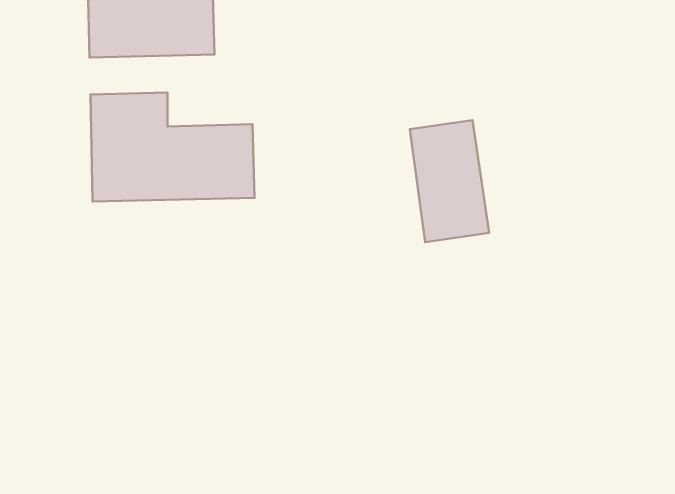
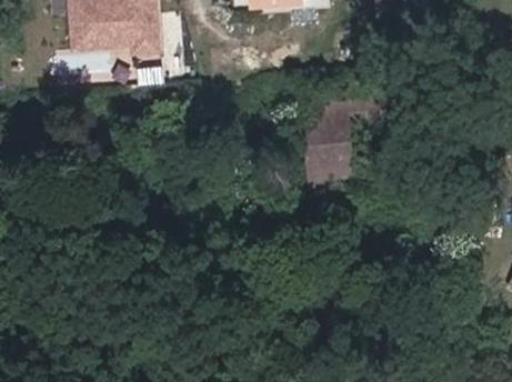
building: [90,93,254,202] -> none

